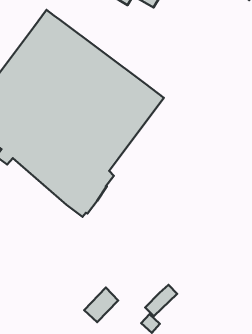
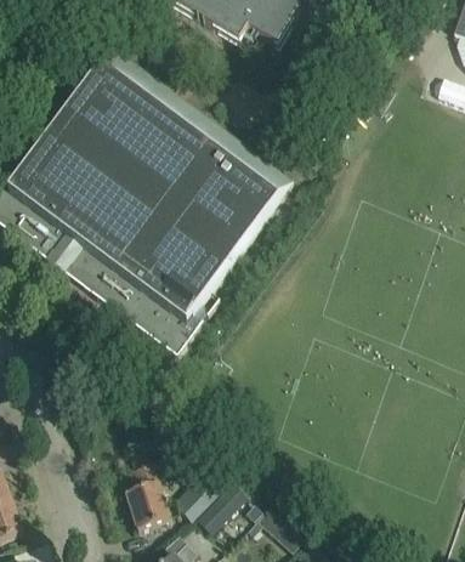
building: none -> [126,461,171,528]
building: [145,285,177,316] -> [198,483,246,530]

